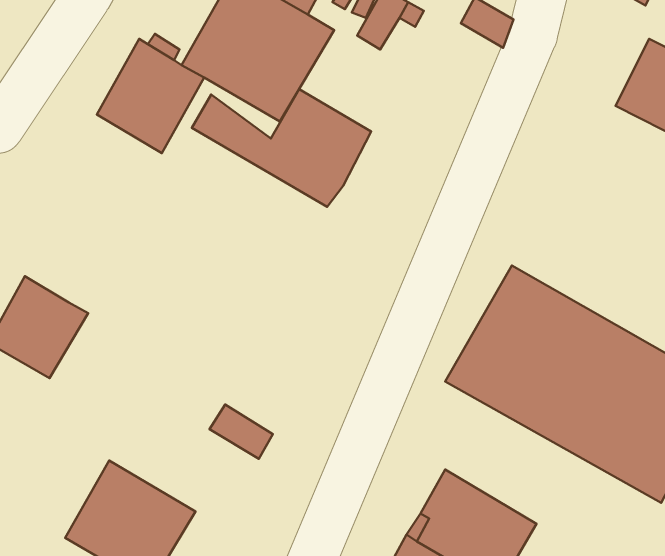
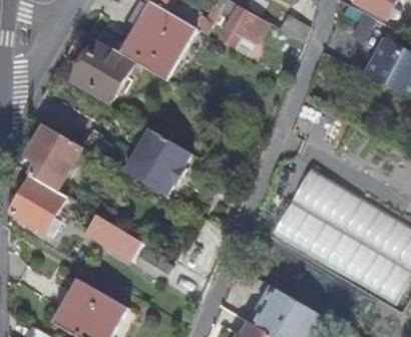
building: [192,89,371,207] -> [86,127,188,195]
building: none -> [27,125,81,190]
building: none -> [85,214,140,259]

